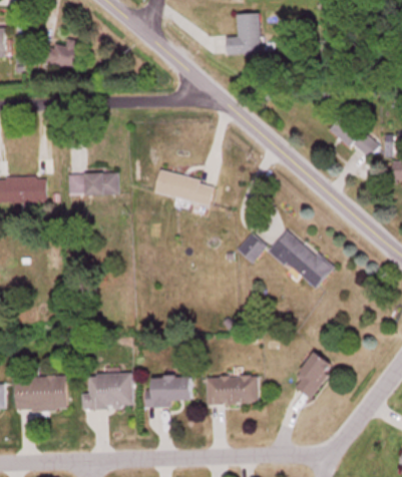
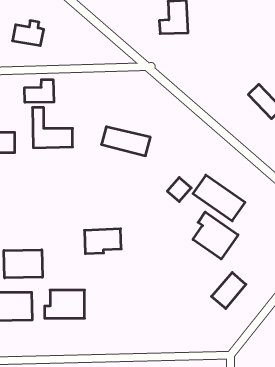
building: none -> [25,80,54,102]
building: none -> [193,212,238,259]
building: none -> [4,250,42,278]
building: [146,375,192,406] -> [84,229,121,254]
building: [207,376,258,403] -> none

